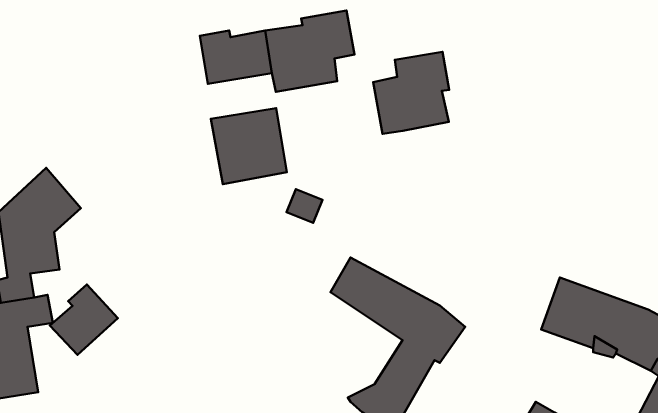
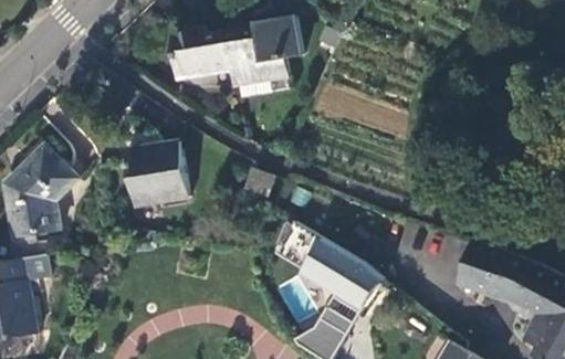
building: [373,52,449,134] -> none
building: [211,108,287,184] -> [125,144,188,207]
building: [50,285,118,355] -> none

